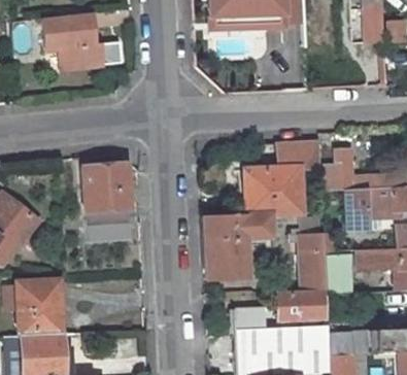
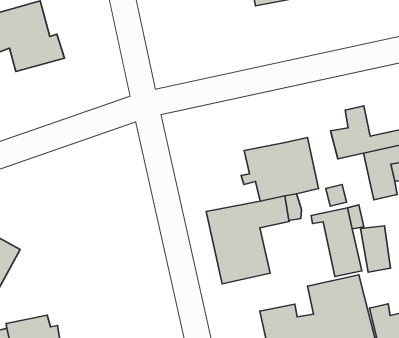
building: [278,139,319,168] -> none
building: [82,163,132,241] -> none

